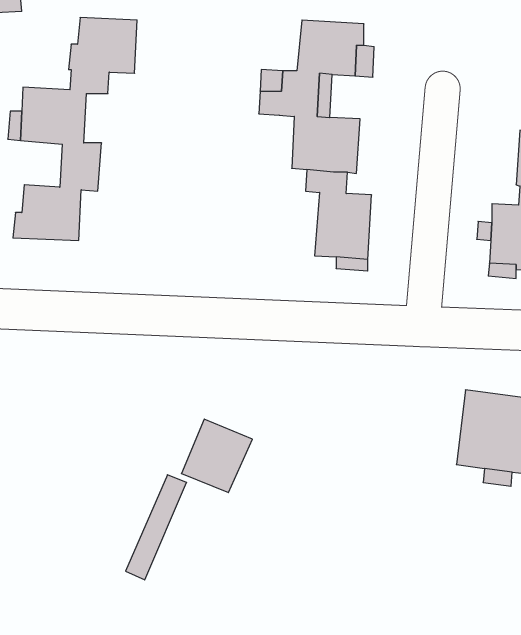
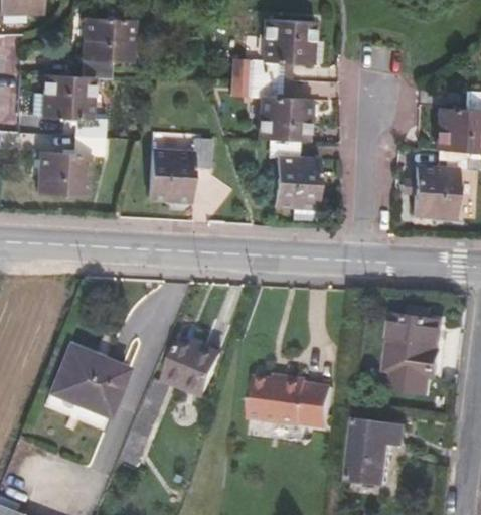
building: none -> [148,138,210,200]
building: none -> [50,345,128,416]
building: none -> [256,382,337,428]
building: none -> [352,419,410,484]

